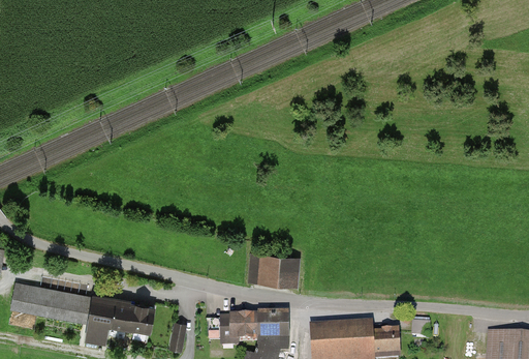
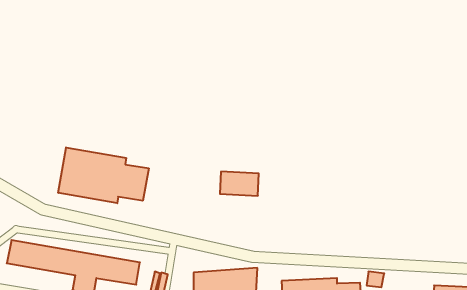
building: none -> [58,147,149,203]
building: [256,257,300,283] -> [220,172,259,196]

